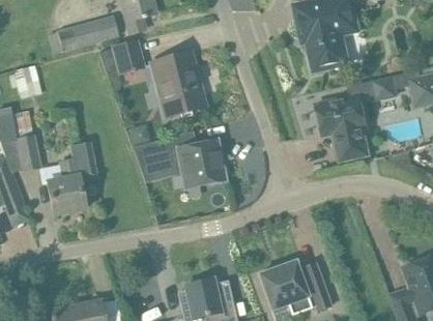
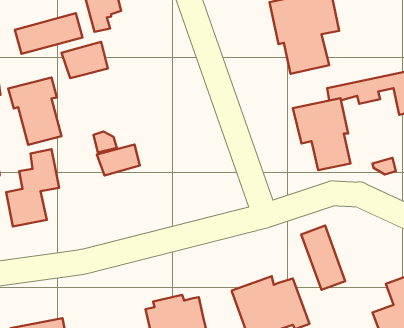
building: [150,53,200,116] -> [8,77,61,145]
building: [175,140,227,188] -> none
building: none -> [301,226,345,290]

